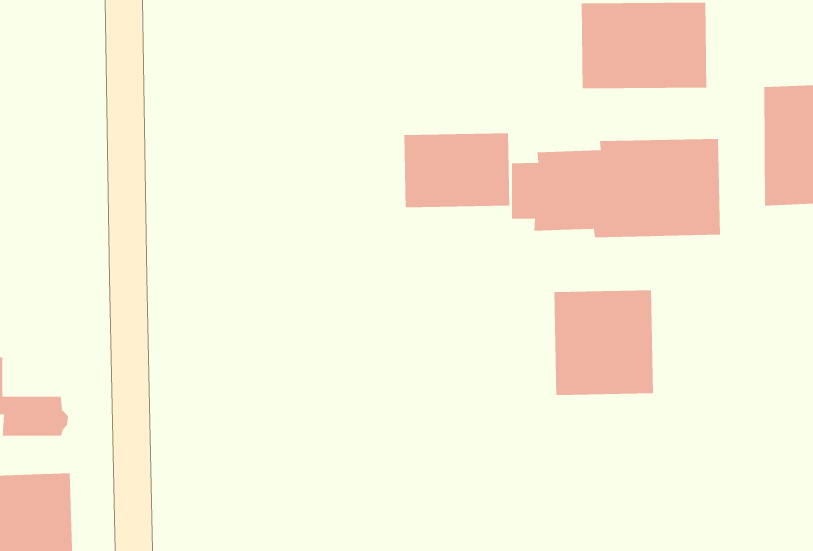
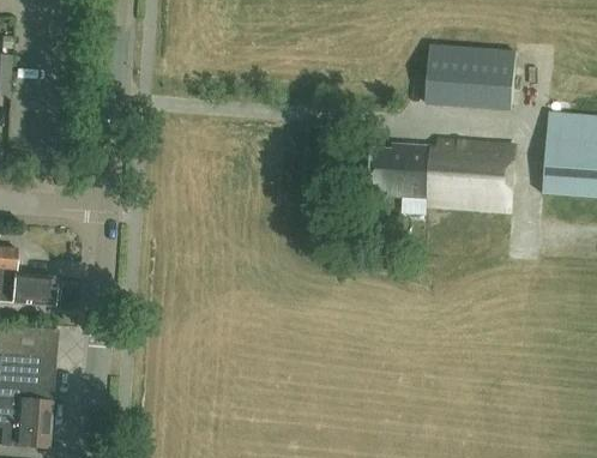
building: [404,132,510,208] -> none
building: [554,289,654,396] -> none

